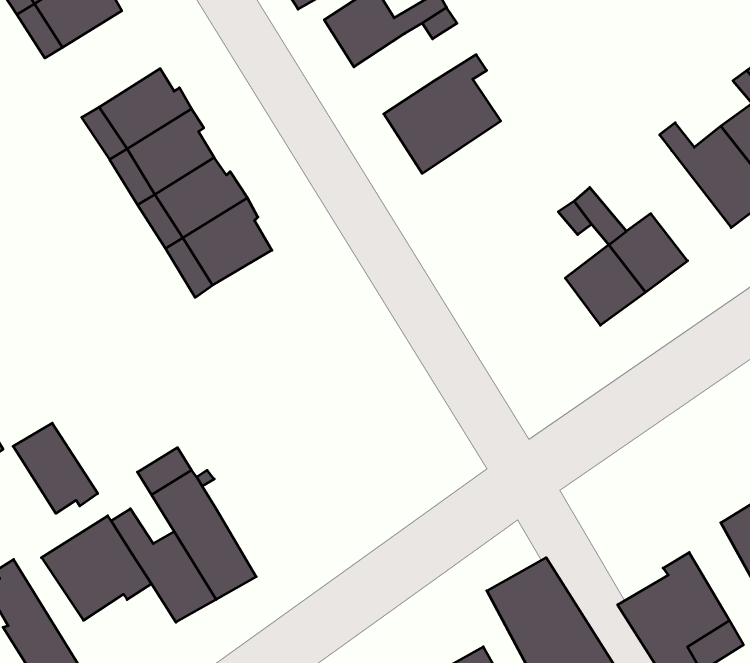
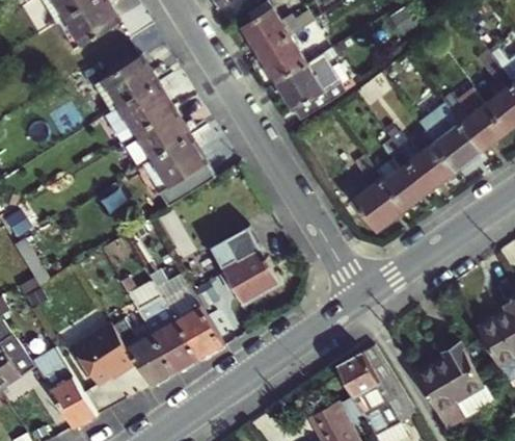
building: none -> [258,35,305,83]
building: none -> [421,105,482,171]
building: none -> [352,154,404,230]
building: none -> [210,227,282,305]
building: [13,423,98,513] -> none
building: none -> [175,305,223,359]

